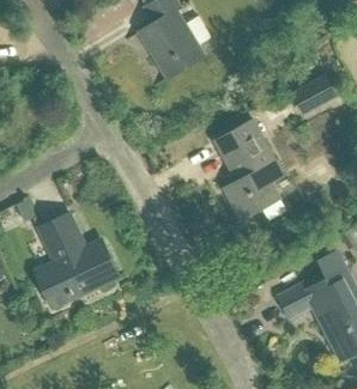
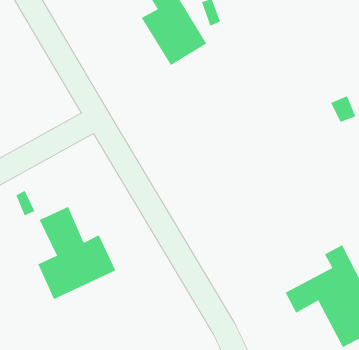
building: [291,69,343,115] -> none
building: [214,120,284,219] -> none

